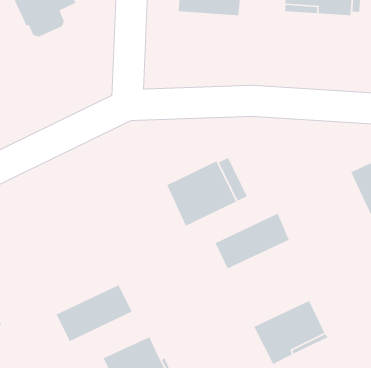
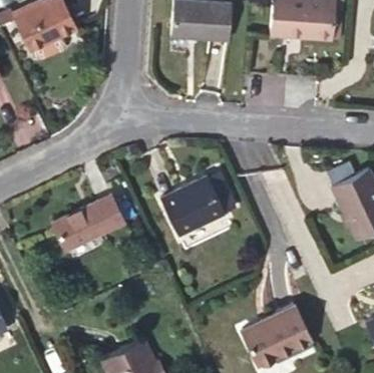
building: [215,212,290,269] -> none
building: [55,284,133,342] -> [52,196,124,250]

